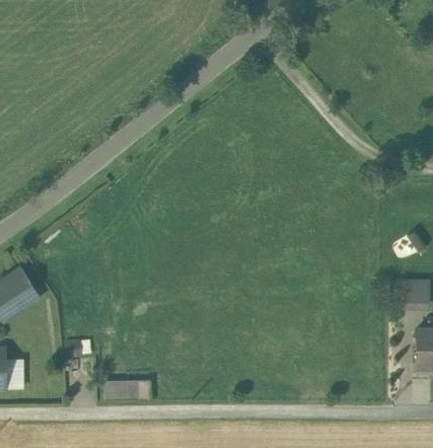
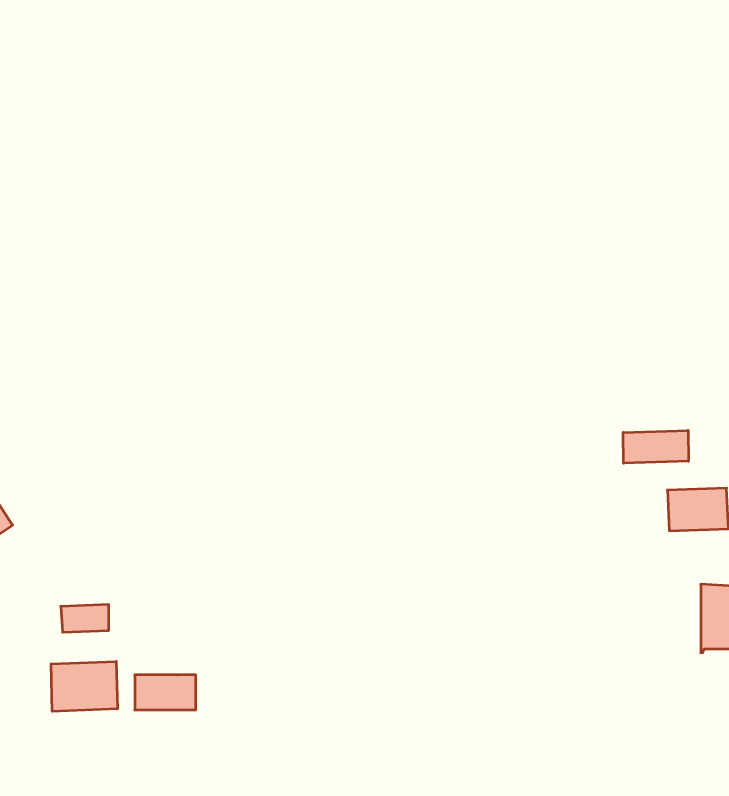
building: none -> [623,430,688,463]
building: none -> [51,661,117,711]

